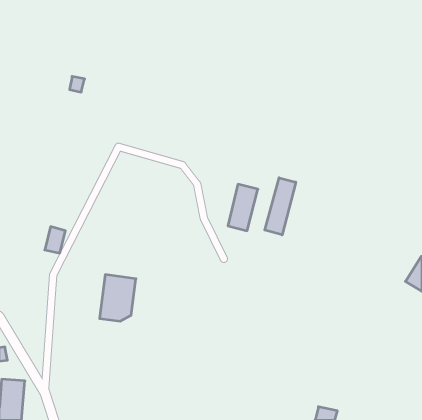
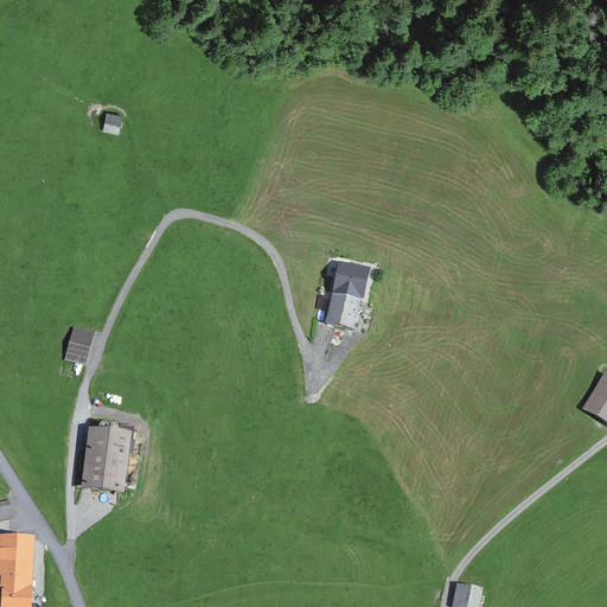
building: [265,178,296,235] -> none
building: [100,275,136,321] -> [82,424,134,491]

